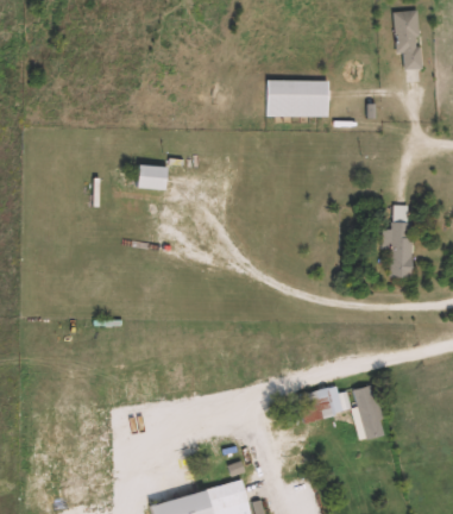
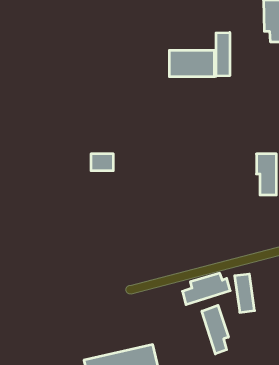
building: none -> [216,32,230,76]
building: [137,165,168,188] -> [91,154,113,171]
building: none -> [202,305,228,354]

